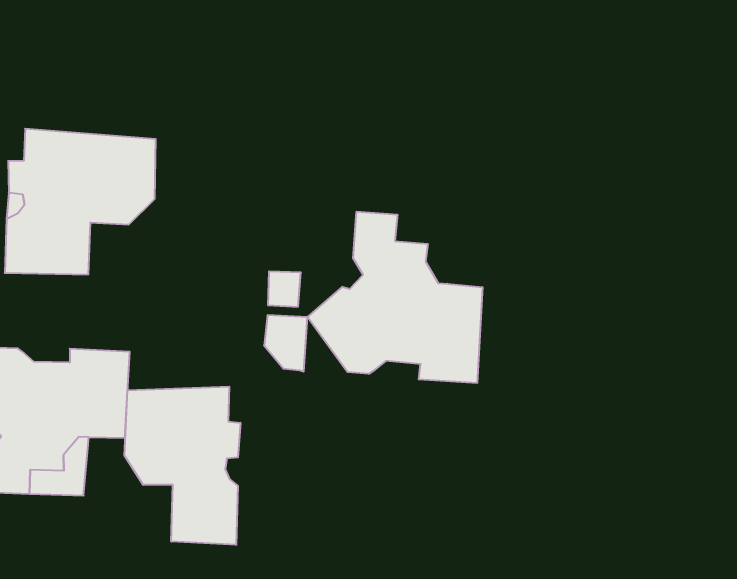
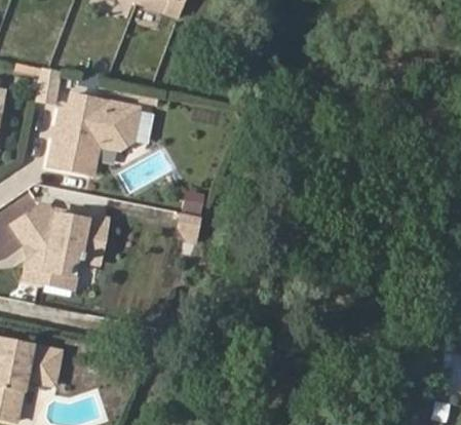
building: [308,212,482,383] -> none
building: [125,387,240,545] -> none

